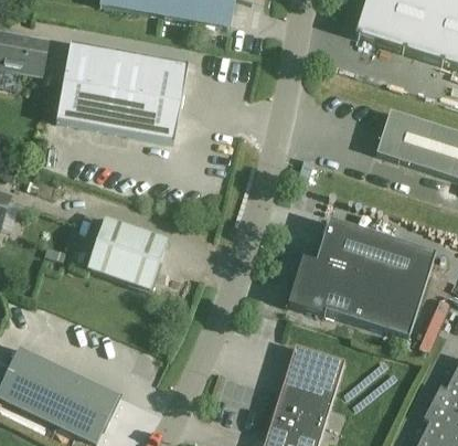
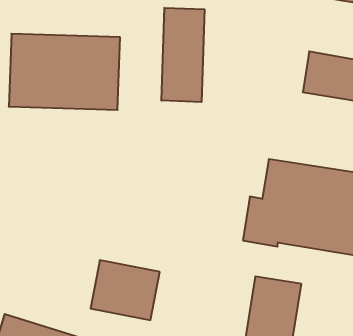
building: none -> [161,8,204,102]
building: [86,216,167,289] -> [91,260,160,320]

